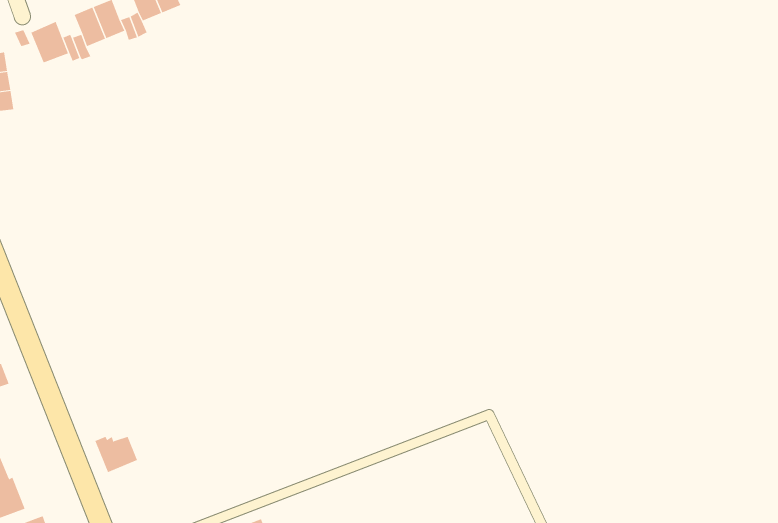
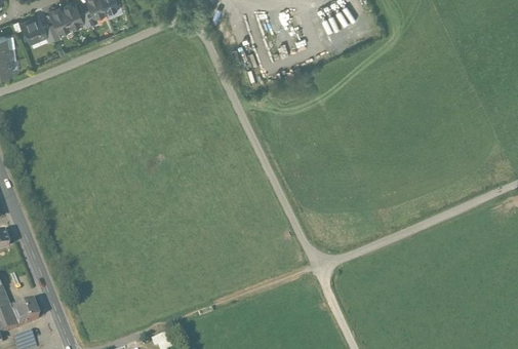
building: [95,436,138,473] -> [10,305,38,328]

